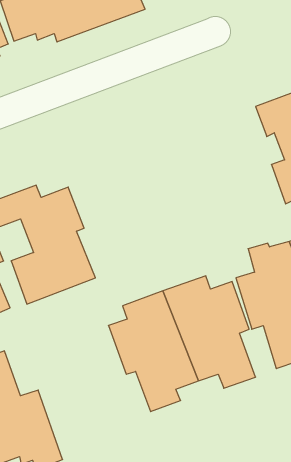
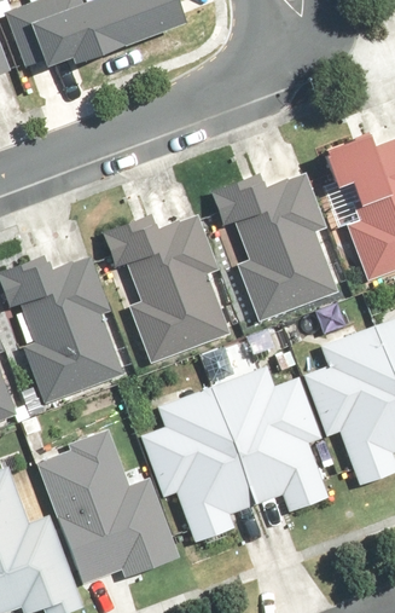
building: none -> [213,170,339,319]
building: none -> [101,214,228,358]
building: none -> [41,427,179,583]

